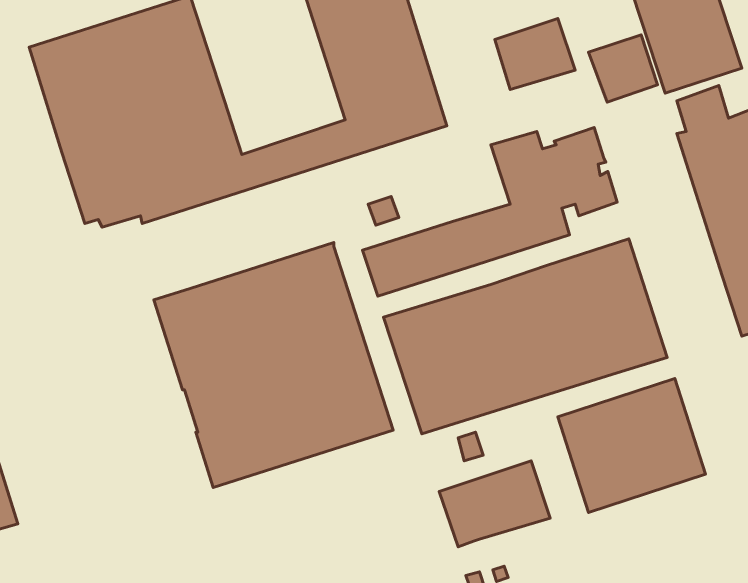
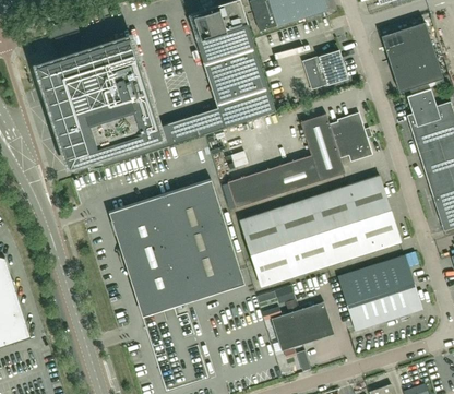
building: [588,35,657,102] -> none

